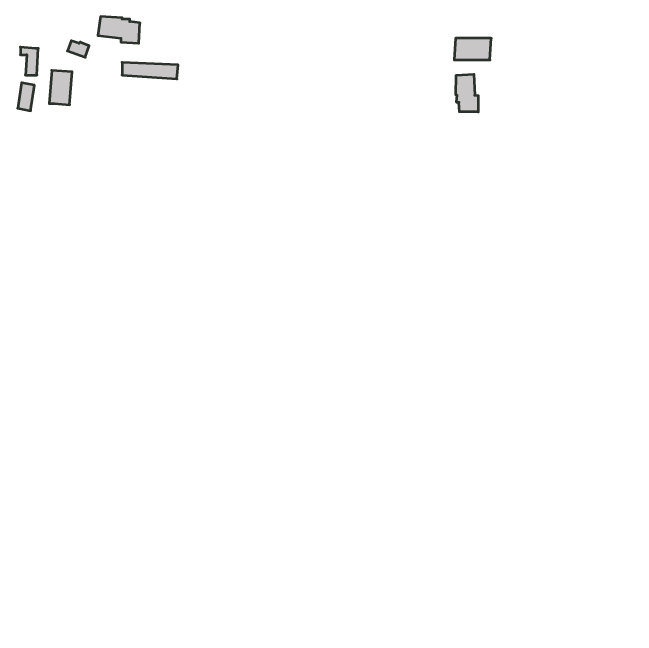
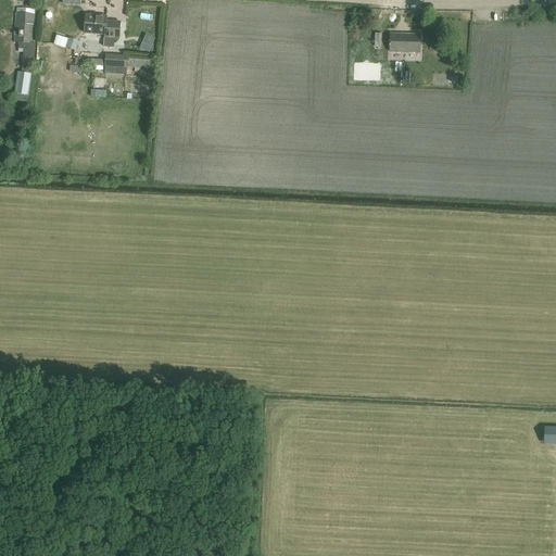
building: [49,70,72,105] -> [13,12,33,41]
building: [456,74,478,112] -> none

